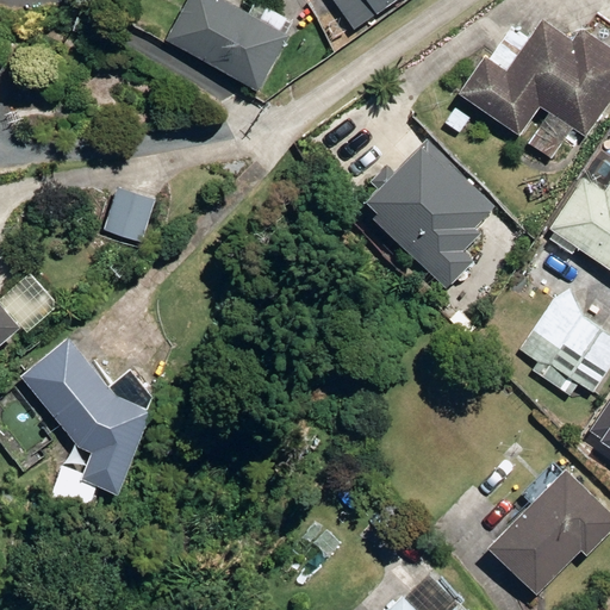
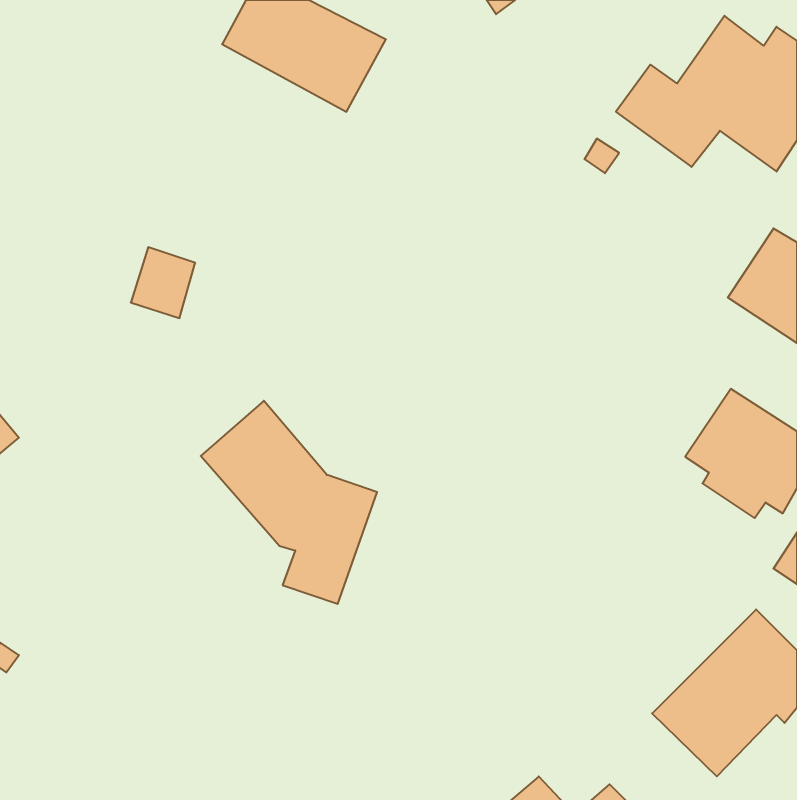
building: [371,141,493,288] -> none
building: [14,342,148,496] -> [201,401,377,604]

